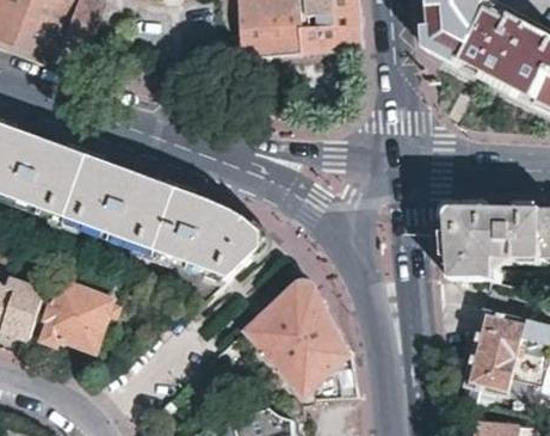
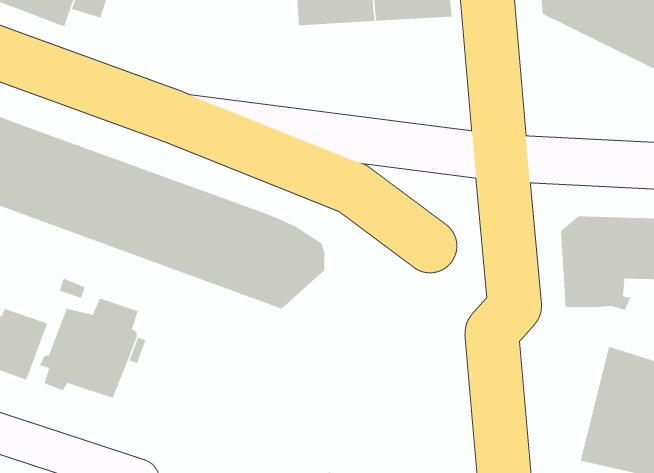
building: [243,278,356,397] -> none

